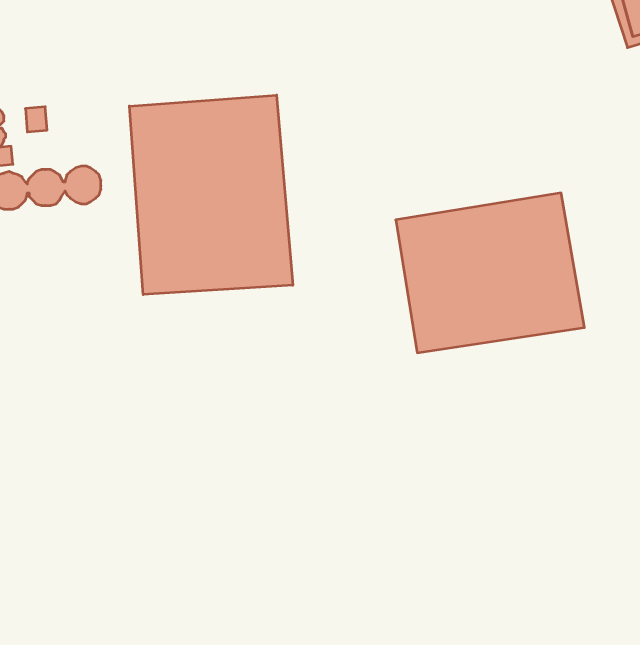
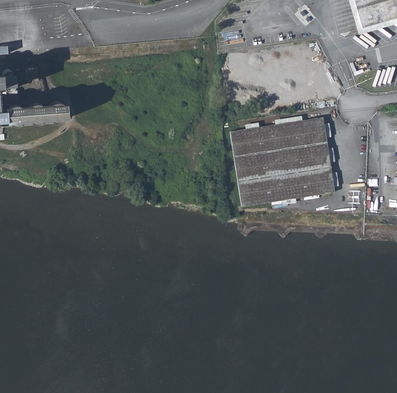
building: [129,95,293,295] -> none

